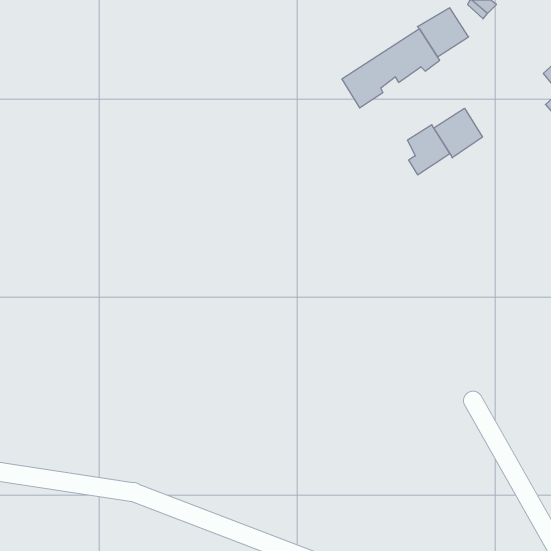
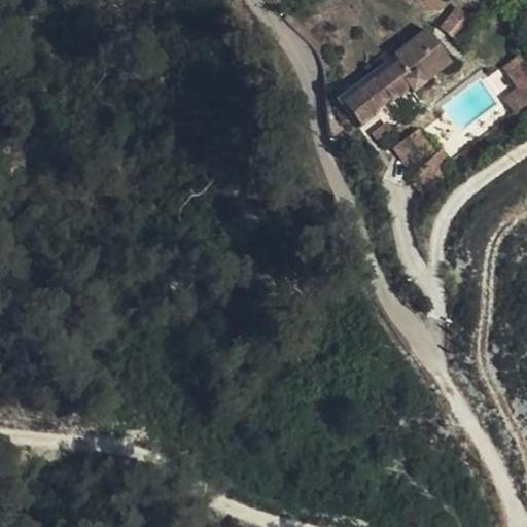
building: [434,108,482,158] -> none

